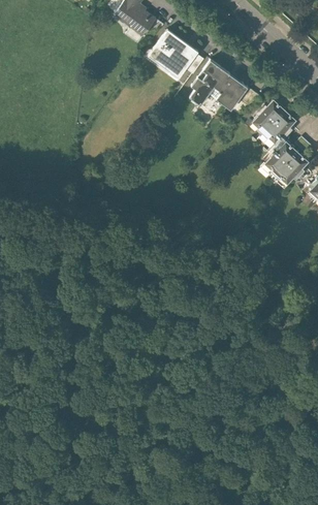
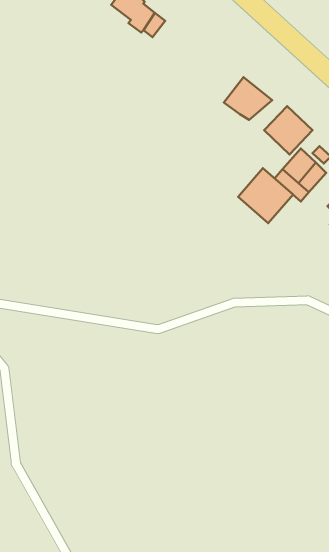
building: [151,28,205,78] -> none
building: [190,58,234,104] -> none
building: none -> [238,168,293,223]

